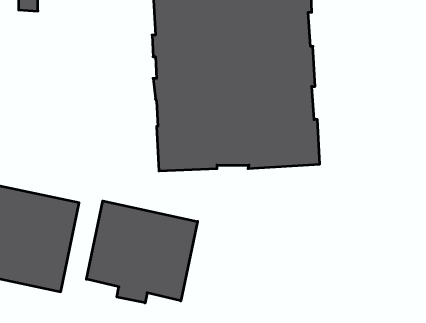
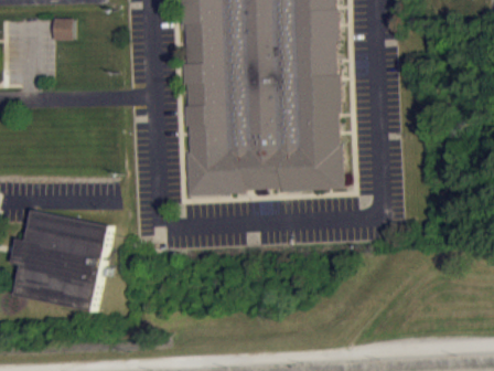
building: [86,201,198,303] -> none

